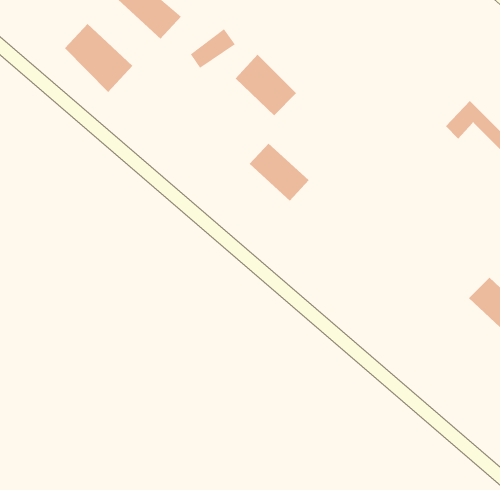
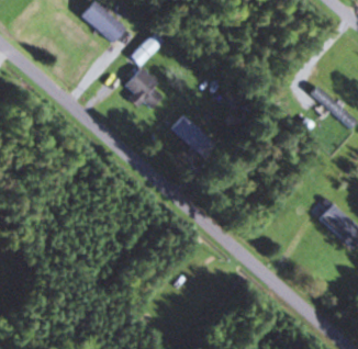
building: [64,23,133,93] -> none
building: [235,54,297,116] -> [125,68,167,110]

